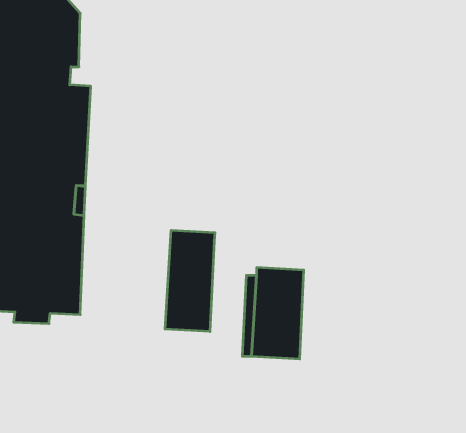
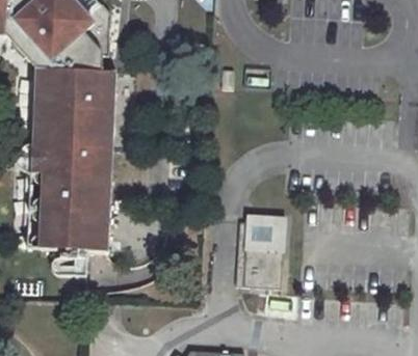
building: [165,230,215,332] -> none

